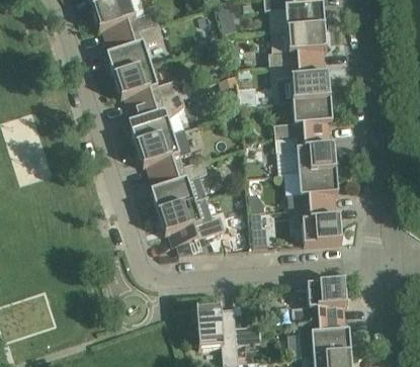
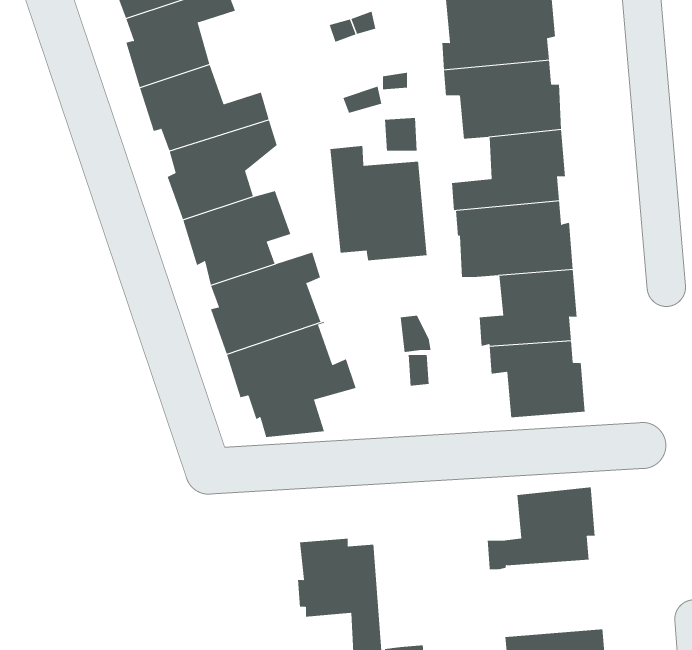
building: none -> [330,145,427,261]
building: [299,318,352,358] -> none

